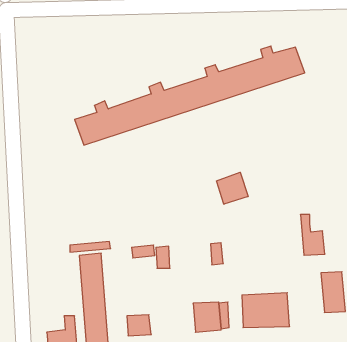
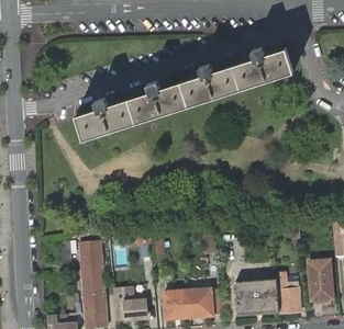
building: [216,172,248,204] -> none
building: [300,215,325,255] -> [277,273,300,311]
building: none -> [164,290,189,318]

